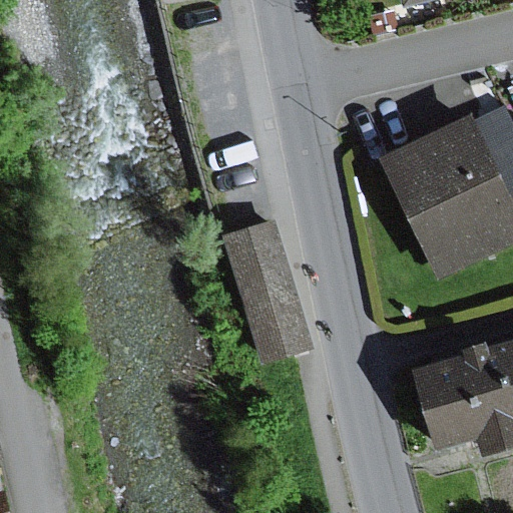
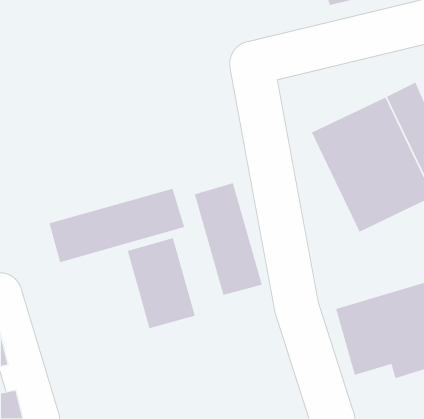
building: none -> [48,188,185,263]
building: none -> [127,237,196,329]

